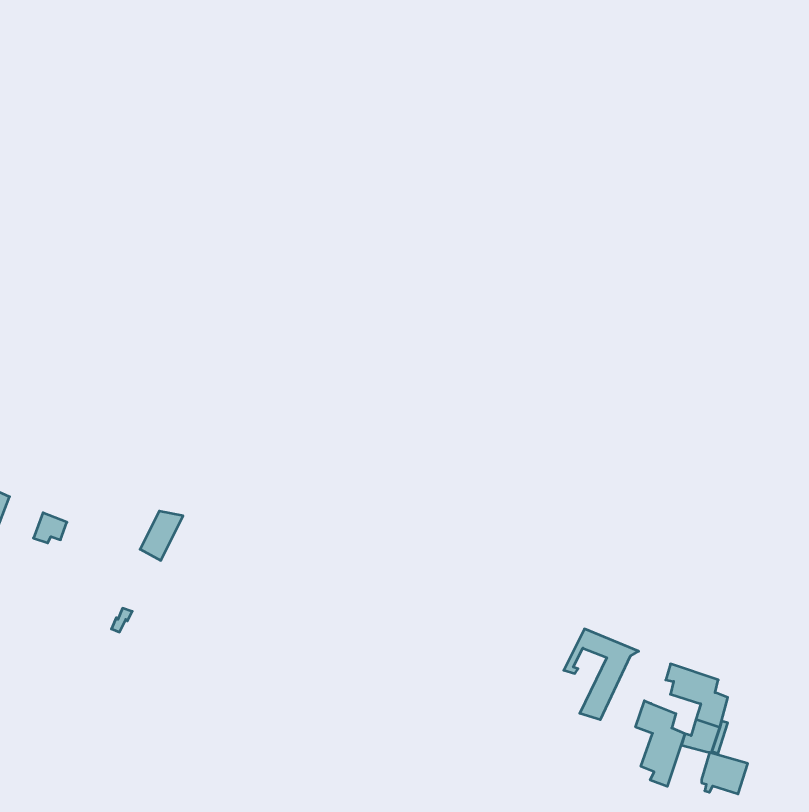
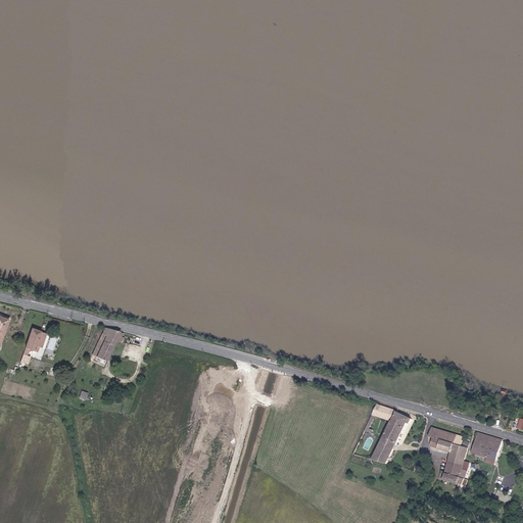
building: [636,701,685,786] -> none
building: [702,752,748,794] -> [471,432,501,459]

